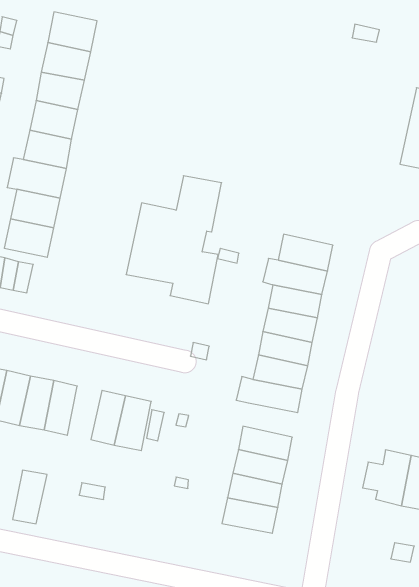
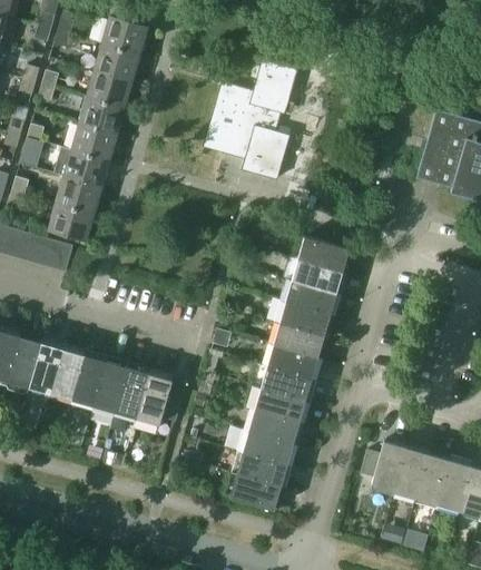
building: [126,176,222,304] -> [204,61,297,180]
building: none -> [255,389,306,423]
building: [13,470,47,524] -> [94,362,128,412]

